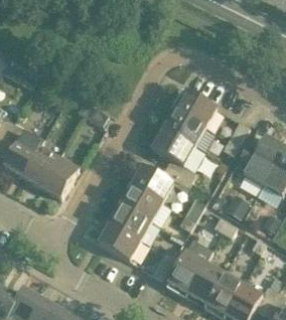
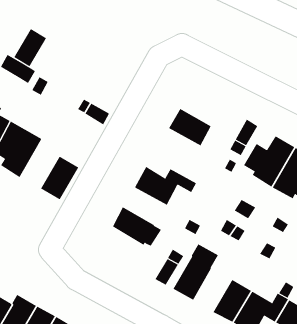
building: none -> [13,28,47,67]
building: [174,91,217,127] -> none
building: [152,129,204,181] -> none
building: [22,144,59,186] -> none
building: [120,185,162,221] -> none
building: [98,222,140,260] -> none
building: [187,263,224,304] -> none

